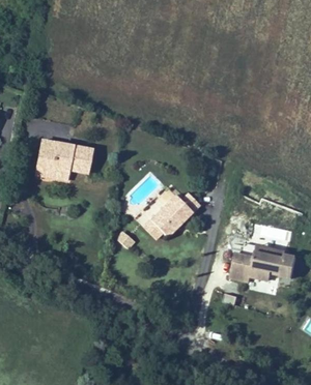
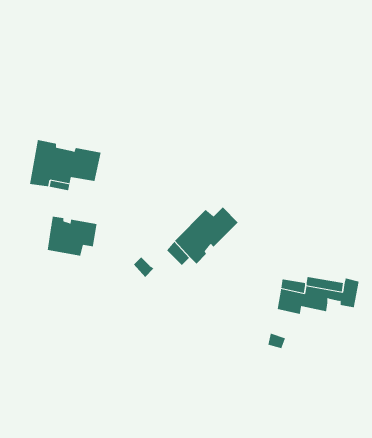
building: none -> [47,216,97,256]

